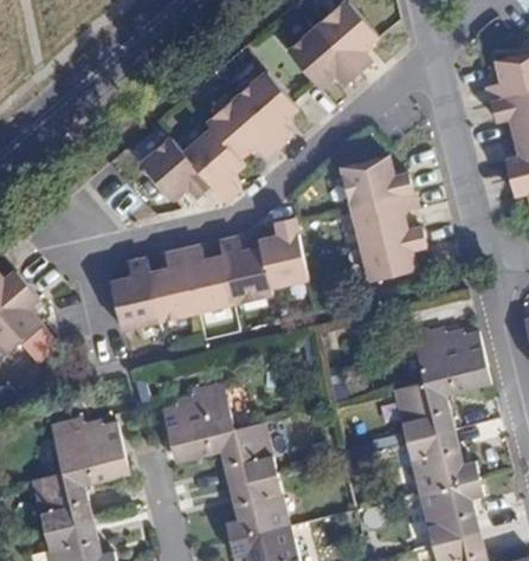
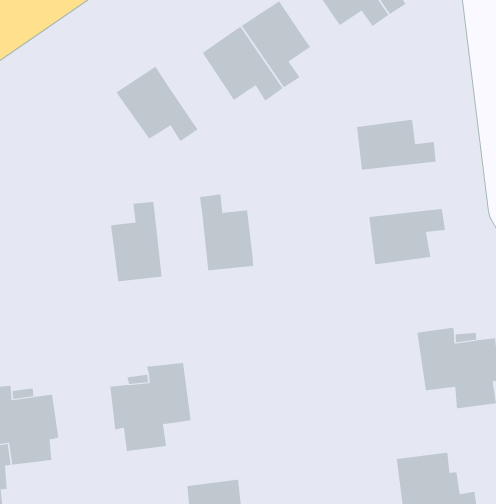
building: [182,129,241,201] -> none
building: [349,191,415,243] -> none
building: [258,218,307,288] -> none
building: [181,246,232,312] -> none
building: [109,259,159,330] -> none
building: [393,375,451,440] -> none
building: [211,420,278,483] -> none

